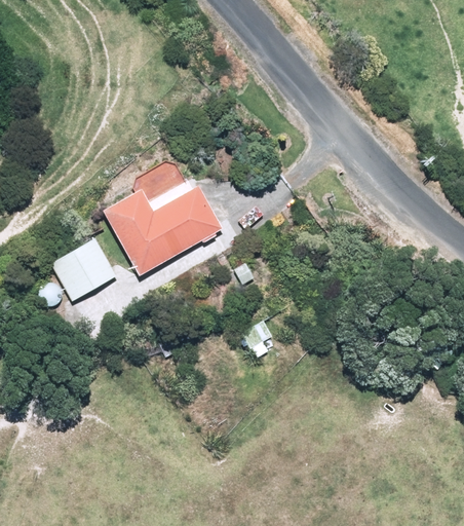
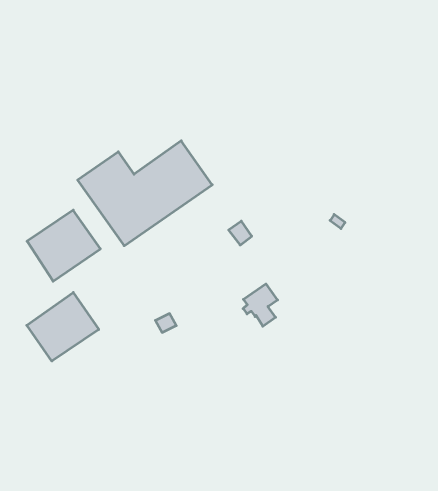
building: none -> [27,292,99,361]

